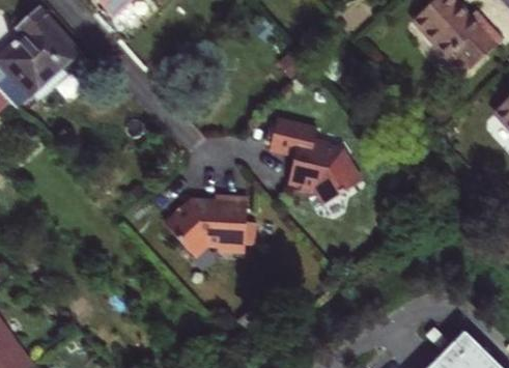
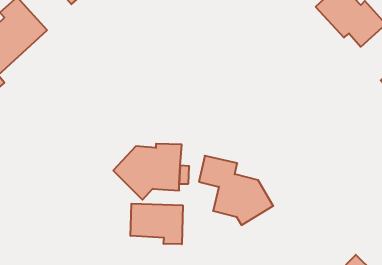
building: [272,114,364,200] -> [199,156,273,225]
building: none -> [131,204,183,244]

